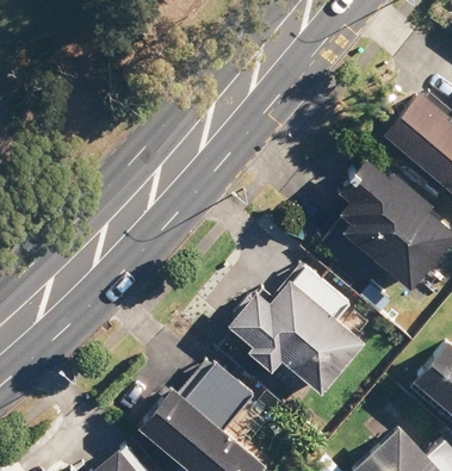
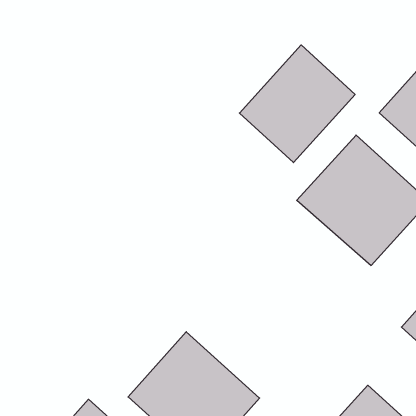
building: none -> [239,45,355,163]
building: [237,253,373,386] -> none

